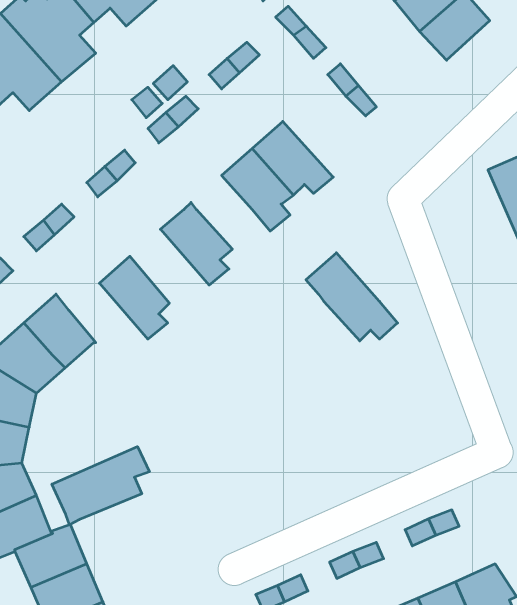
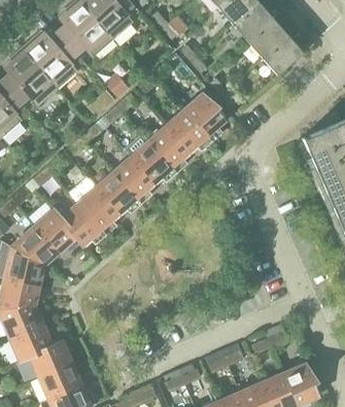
building: none -> [183,93,226,141]
building: none -> [96,171,141,213]
building: [306,253,398,341] -> [124,132,176,182]
building: none -> [61,202,106,245]
building: [52,447,149,525] -> none

